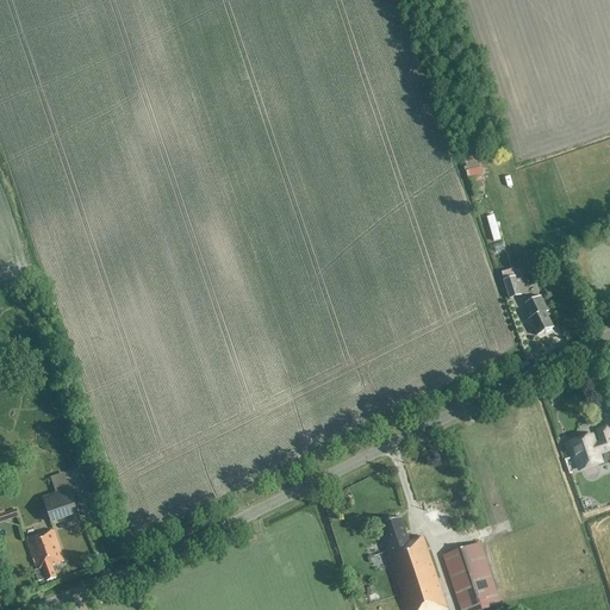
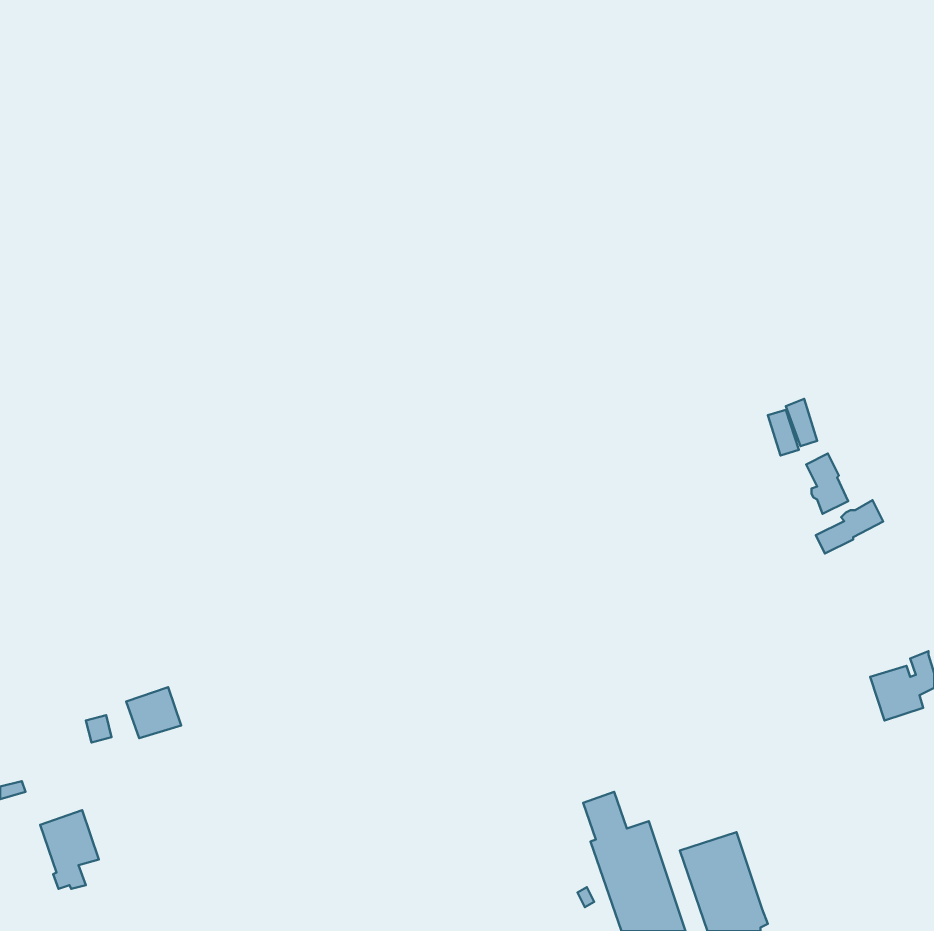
building: none -> [816,500,883,554]
building: [42,487,77,521] -> [126,687,181,738]

